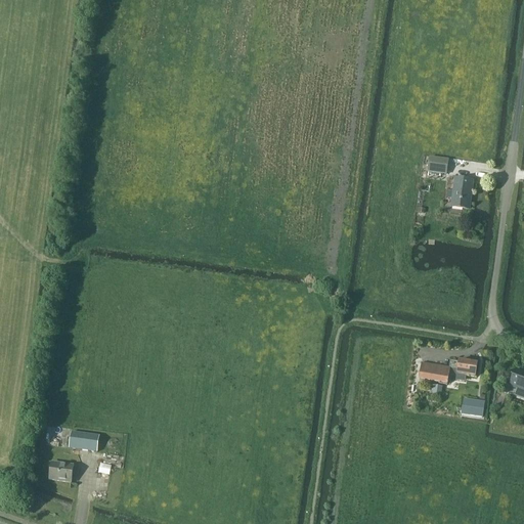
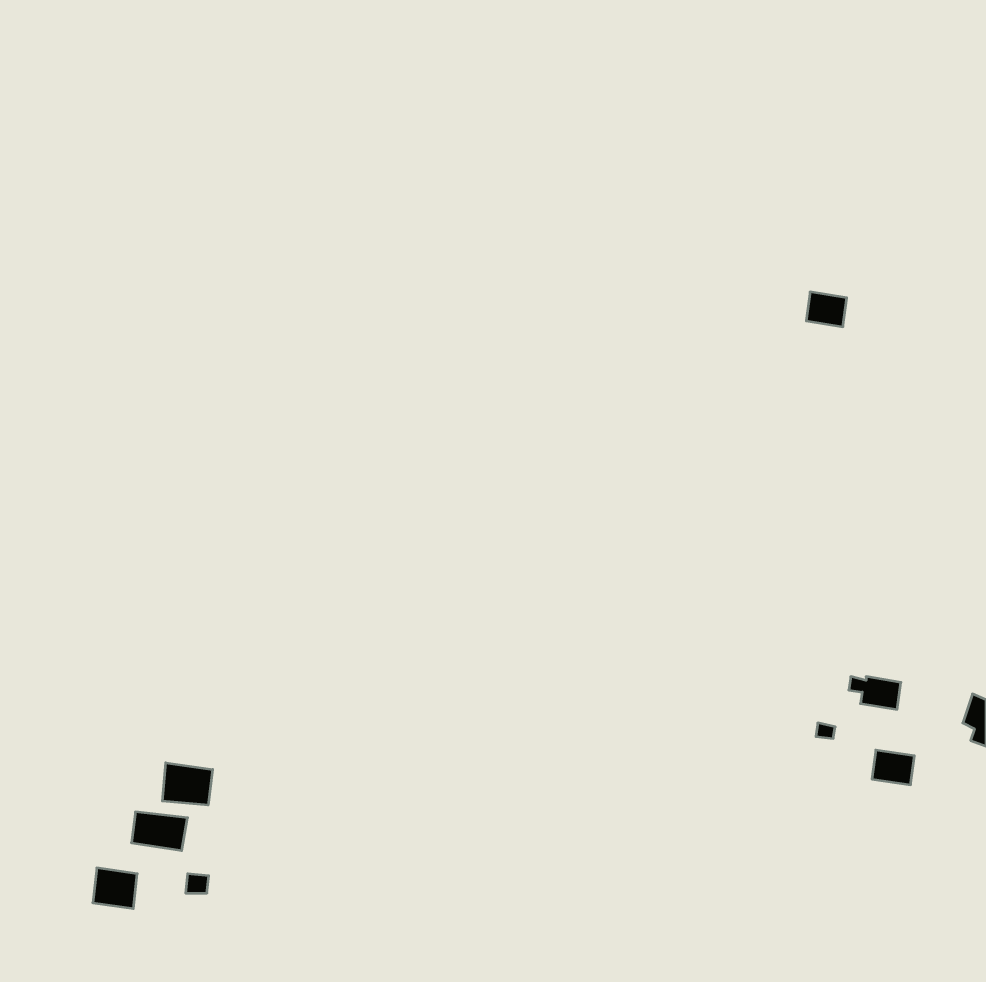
building: [449,176,473,207] -> none
building: [419,361,449,383] -> none
building: none -> [162,763,213,805]

